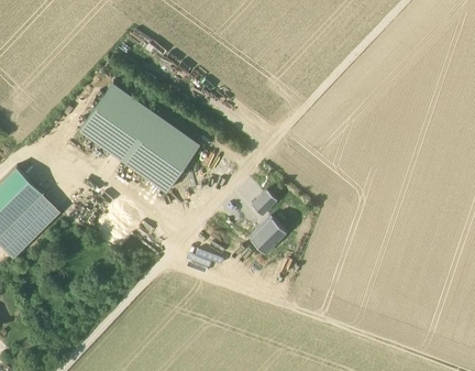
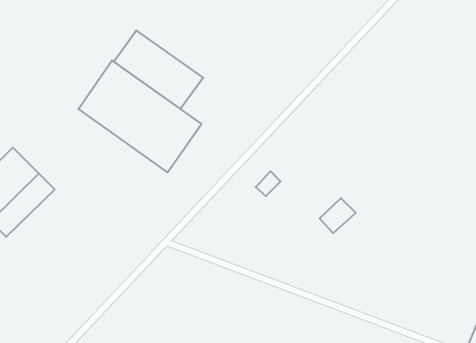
building: none -> [114,30,203,109]
building: [252,219,287,253] -> [320,198,356,233]

